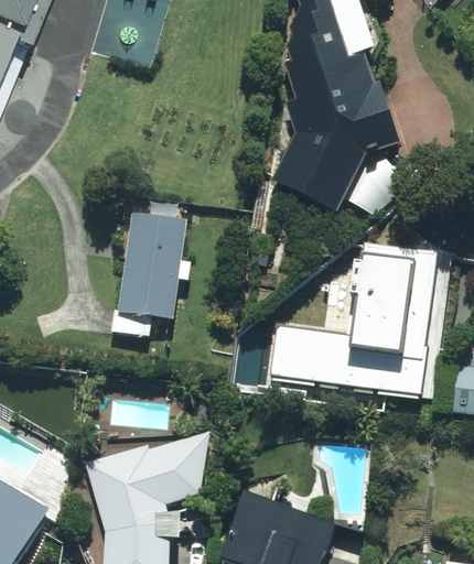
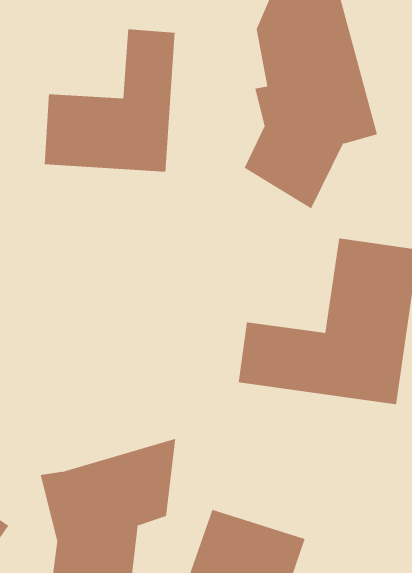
building: none -> [44,29,175,172]
building: [112,210,193,337] -> none

